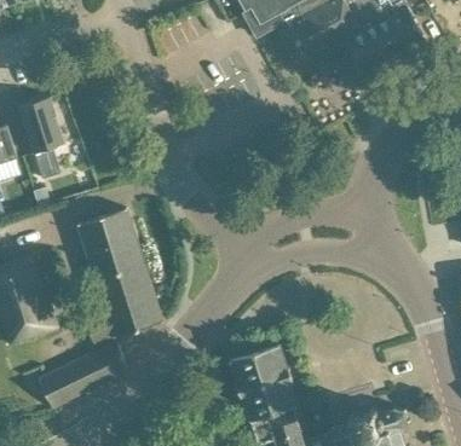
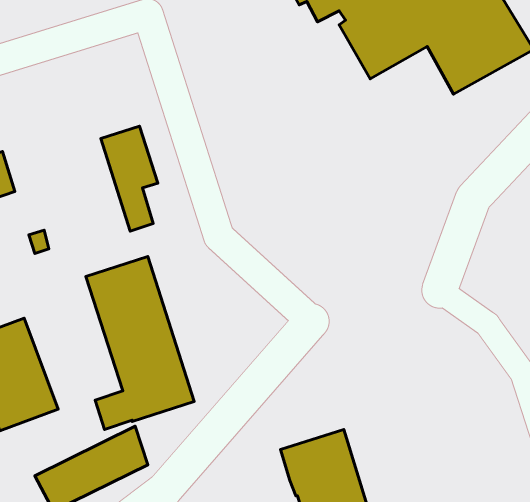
building: [28,94,73,176] -> [101,126,158,231]

